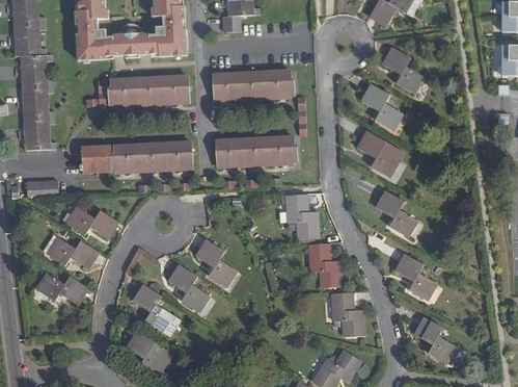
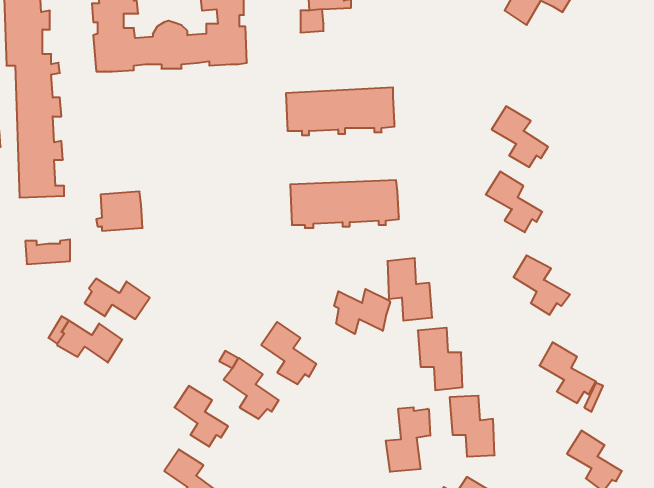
building: [383,47,422,92] -> none
building: [110,76,190,109] -> none
building: [114,143,193,177] -> none
building: none -> [334,289,390,334]
building: [39,273,86,303] -> none
building: none -> [386,407,430,472]

